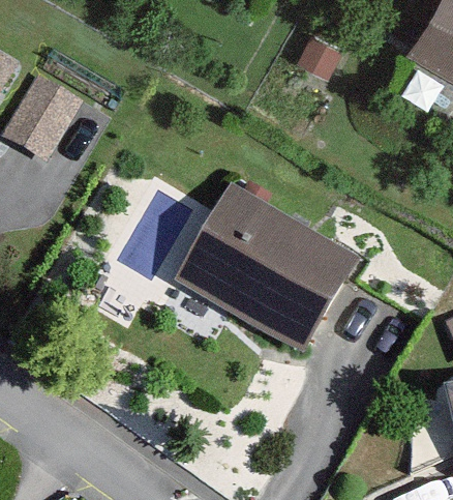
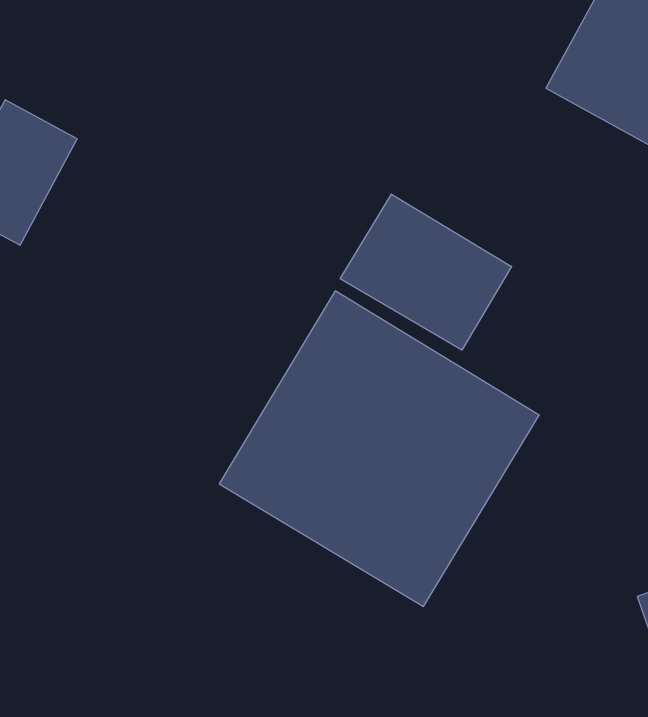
building: none -> [340,194,512,350]

